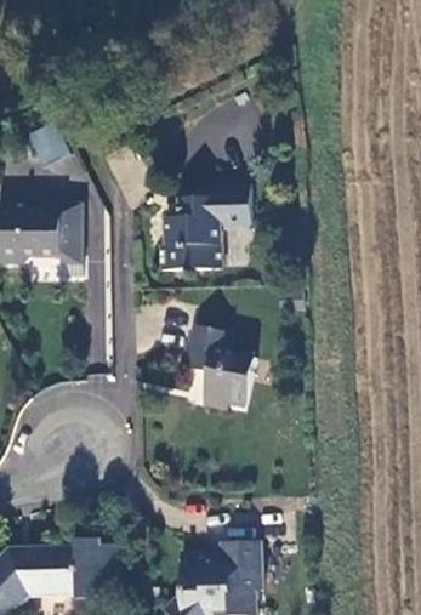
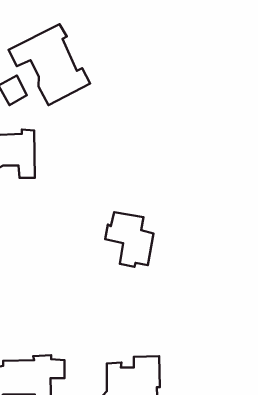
building: none -> [8,24,90,105]
building: [160,181,249,269] -> none

